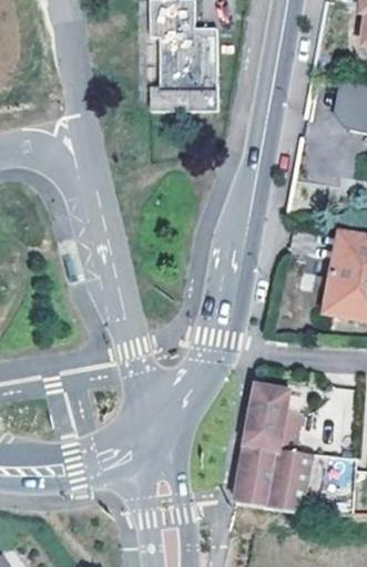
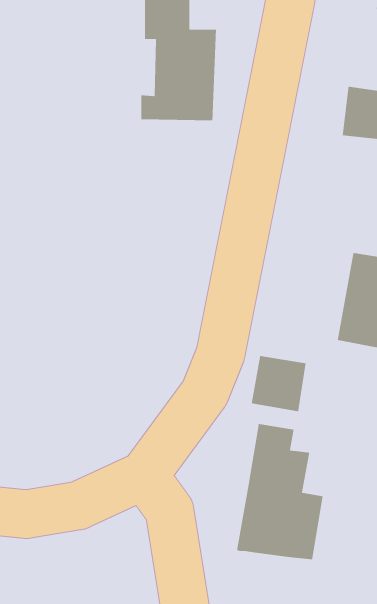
building: none -> [251,355,306,412]

